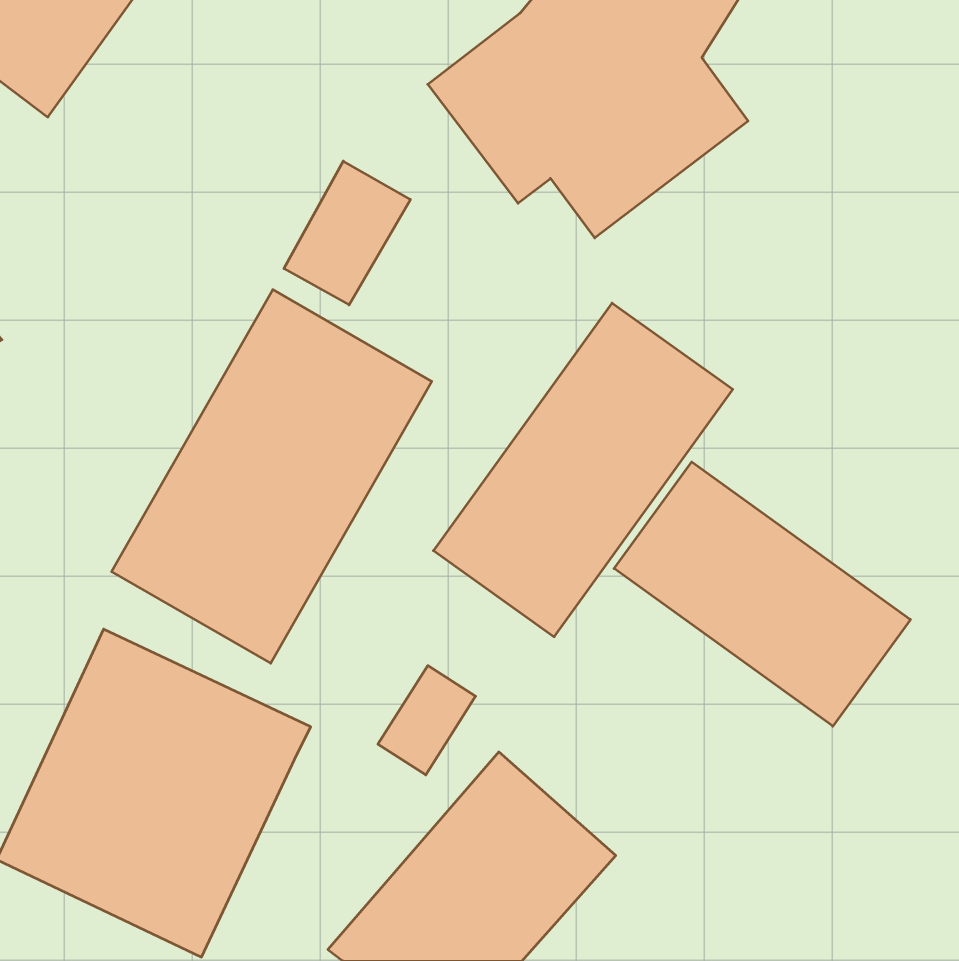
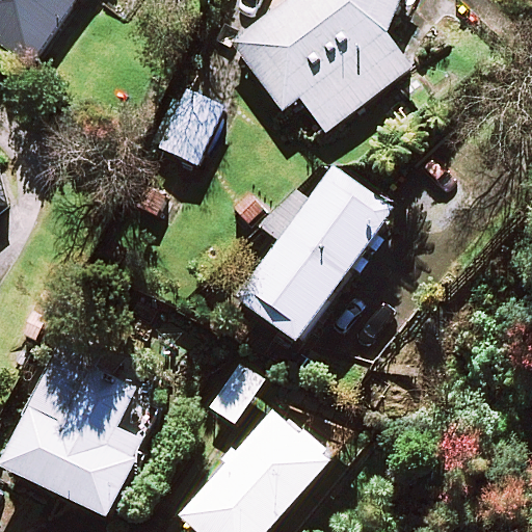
building: [112,290,432,663] -> none
building: [614,462,910,726] -> none

